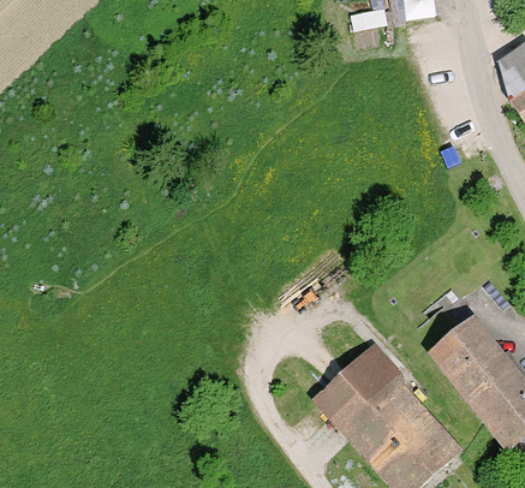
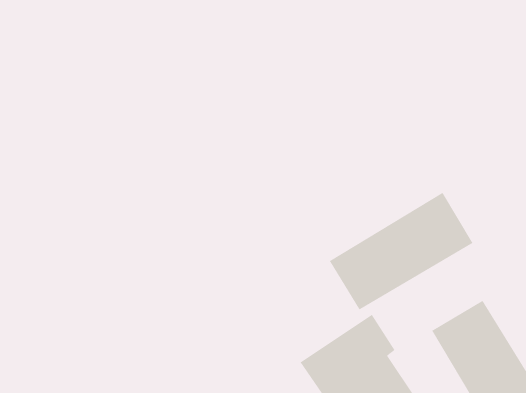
building: none -> [329,192,474,311]

